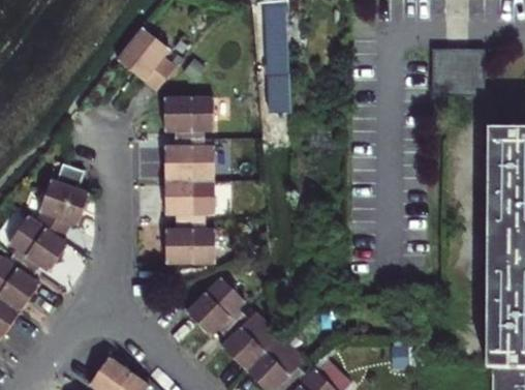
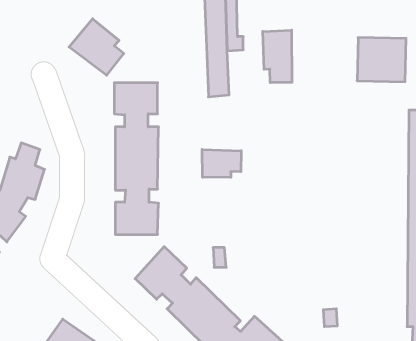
building: none -> [263,30,292,83]
building: none -> [202,149,241,177]

